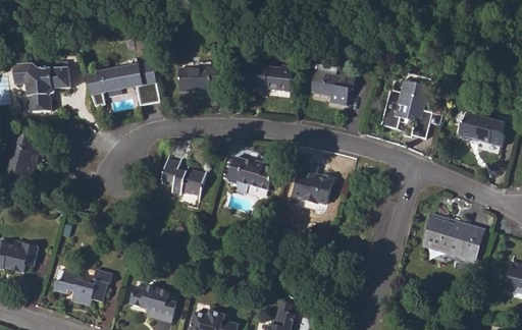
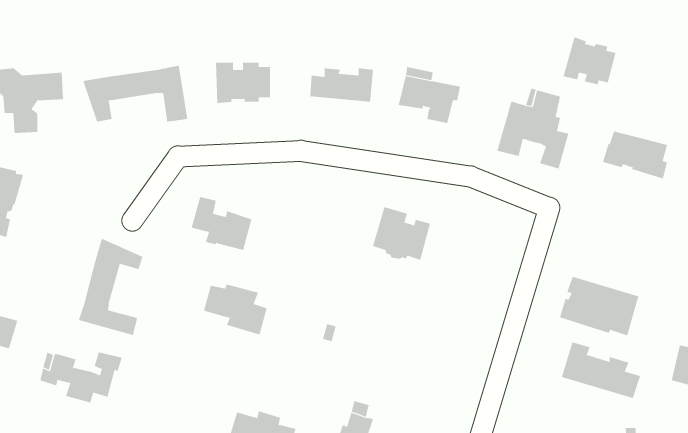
building: none -> [563,36,616,85]
building: [228,156,274,192] -> none
building: none -> [78,238,143,336]
building: none -> [561,341,641,399]
building: [130,284,176,321] -> [203,284,267,335]

